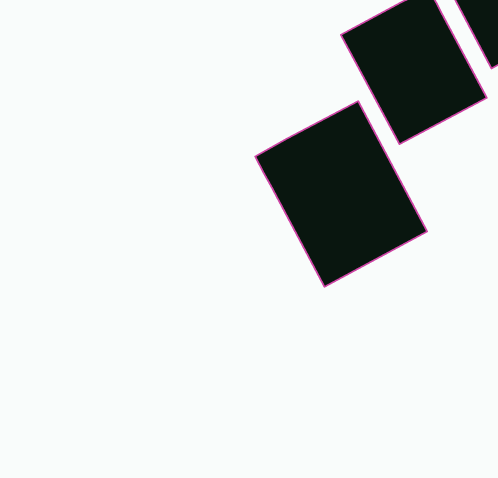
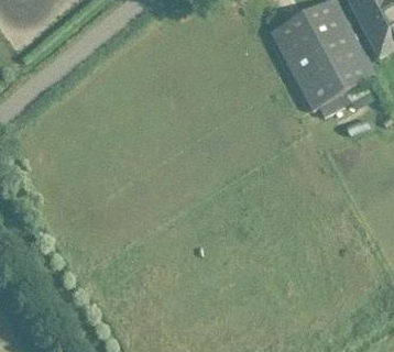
building: [255,101,427,287] -> none

